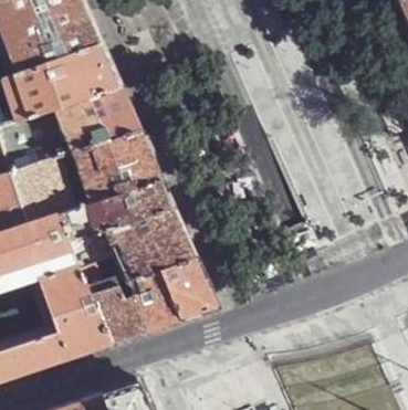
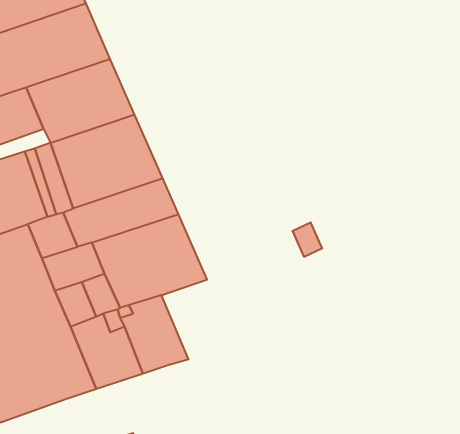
building: [160,257,218,319] -> none

